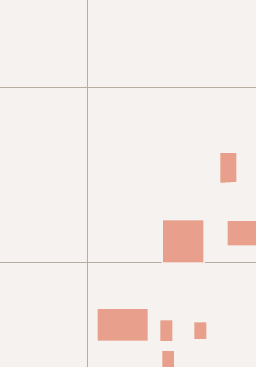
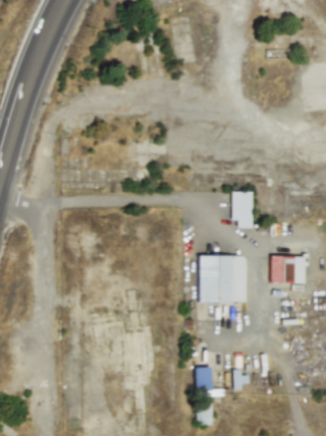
building: [219,153,237,183] -> [232,193,252,227]
building: [97,308,148,342] -> none

